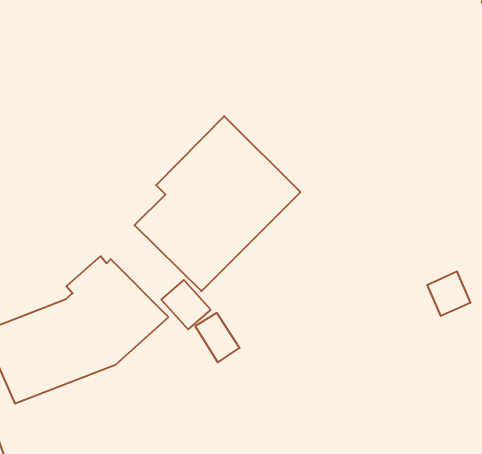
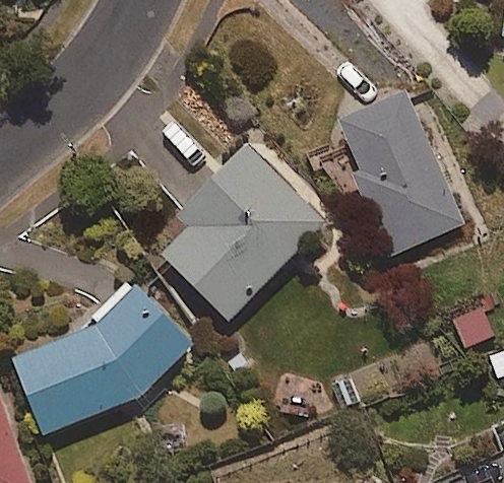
building: none -> [341,92,463,253]

